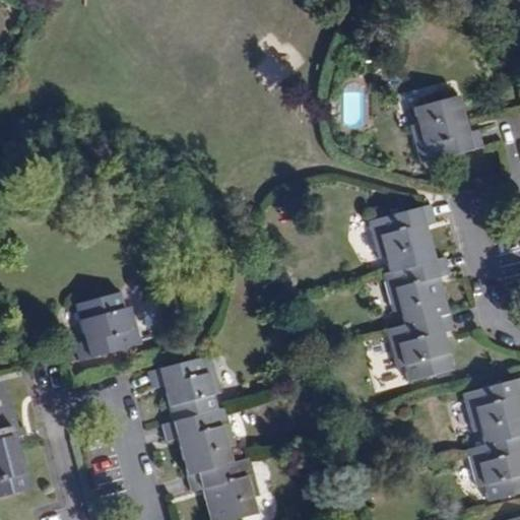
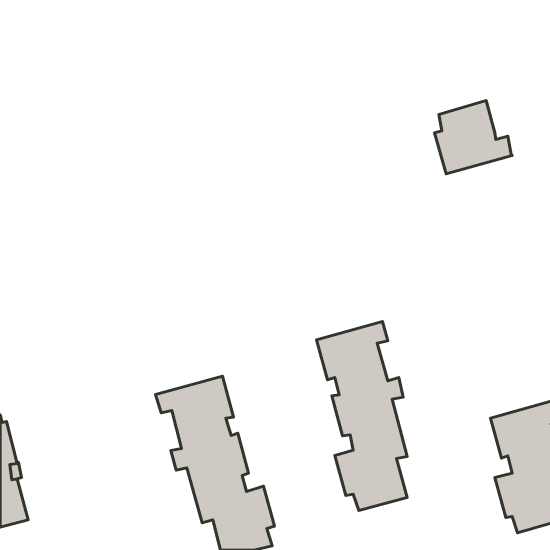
building: [369,203,454,381] -> [317,321,407,511]
building: [75,291,142,360] -> none

